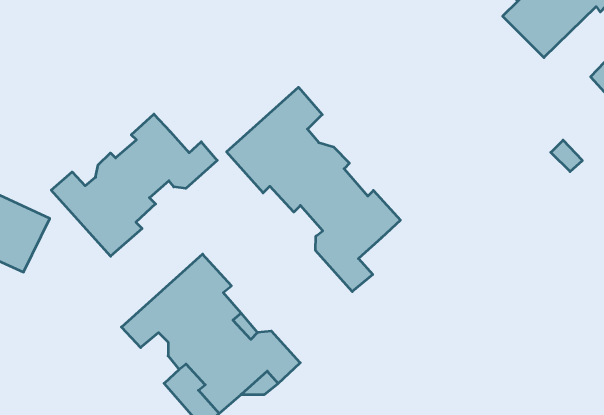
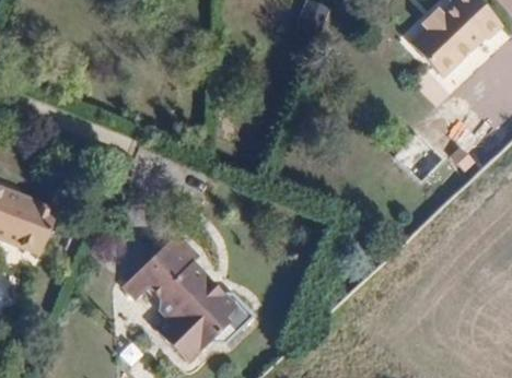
building: [227,87,400,292] -> none
building: [51,114,217,256] -> none

